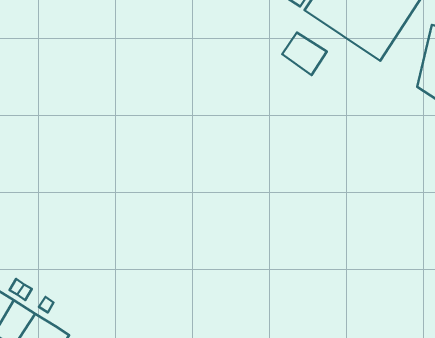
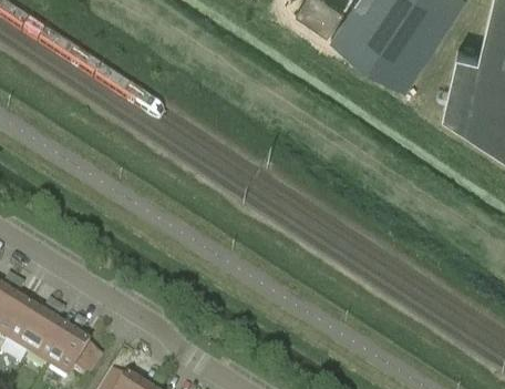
building: [282,32,327,75] -> none

